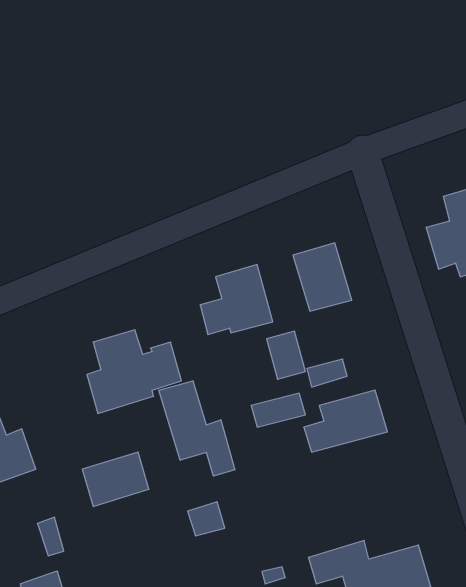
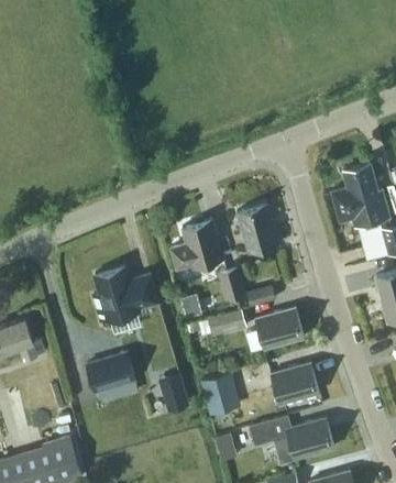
building: [159,381,235,476] -> none
building: none -> [271,363,319,404]
building: none -> [200,373,235,415]

